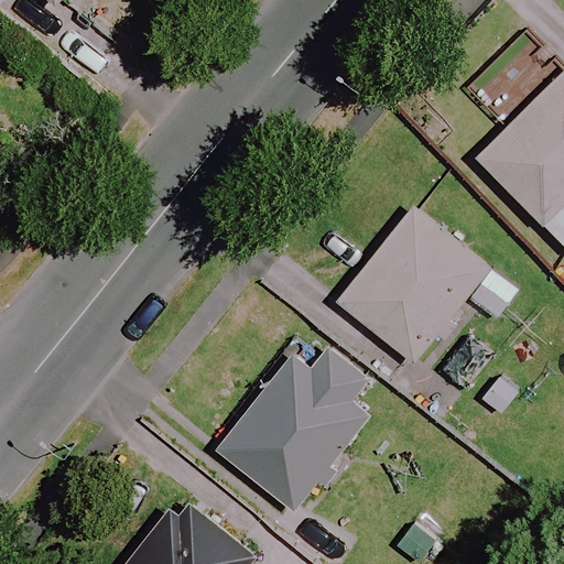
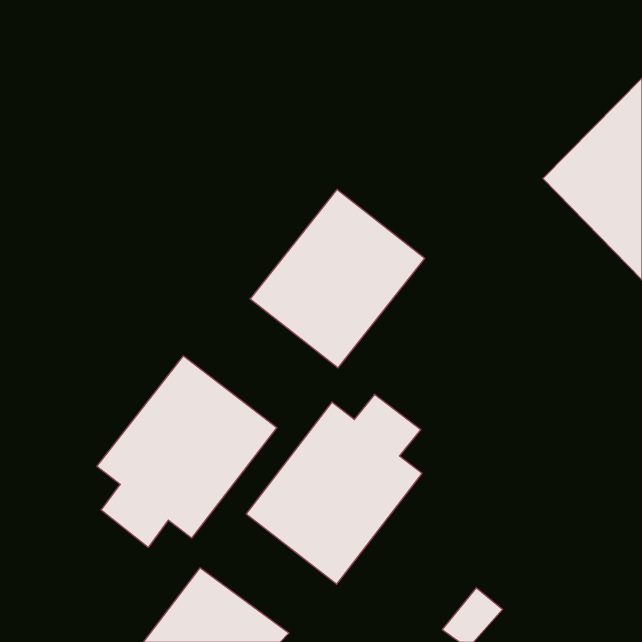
building: [336,207,489,364] -> [250,189,425,368]
building: none -> [97,356,277,547]

